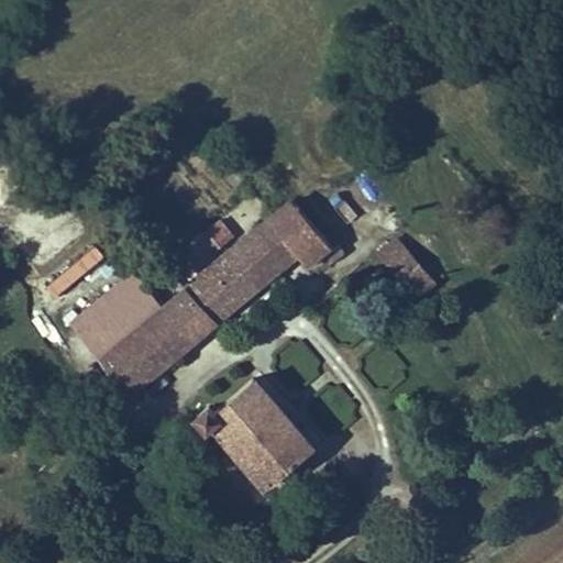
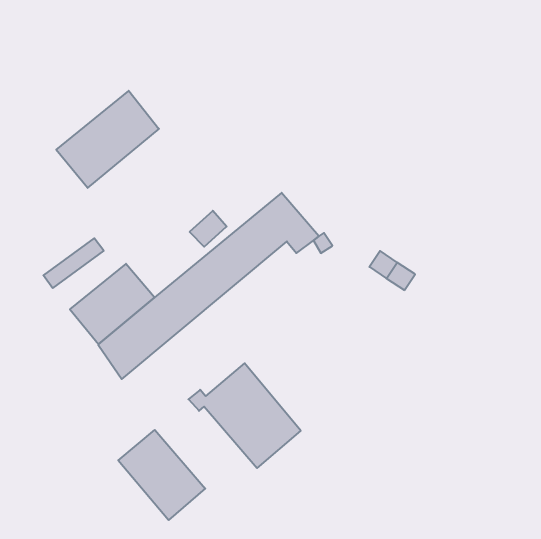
building: none -> [56,91,159,188]
building: none -> [118,430,205,520]

